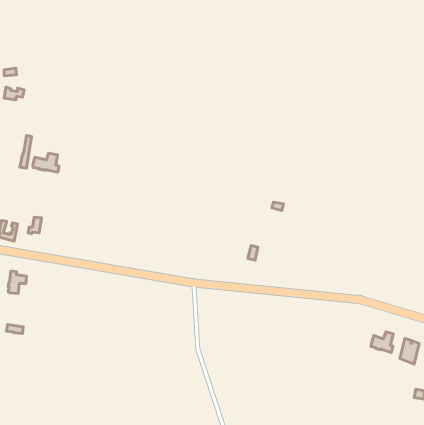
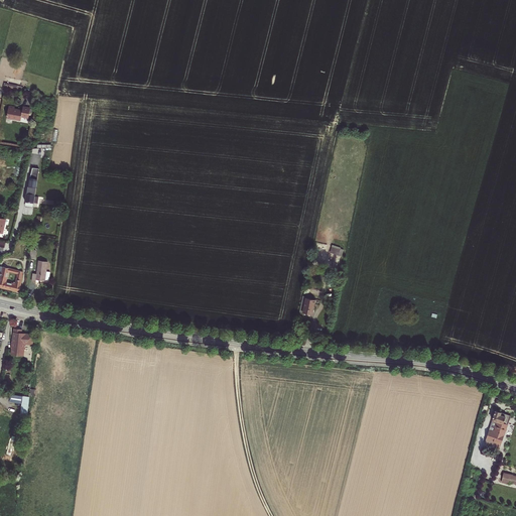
building: [33,153,59,172] -> none
building: [371,332,393,352] -> none

